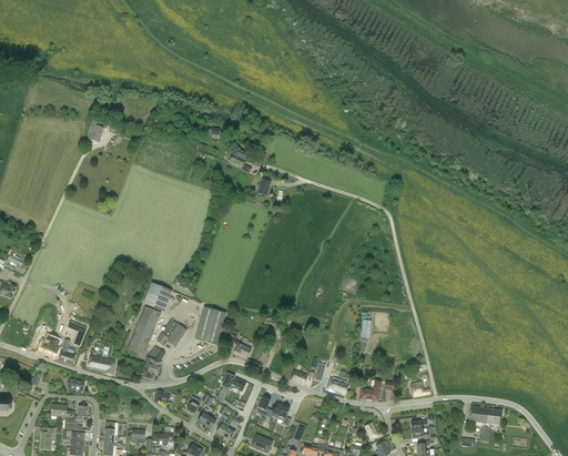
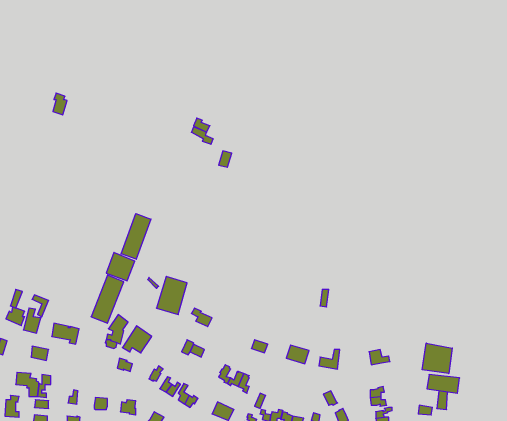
building: none -> [121,214,151,259]
building: [156,318,186,346] -> [122,326,152,353]
building: none -> [422,343,452,374]

